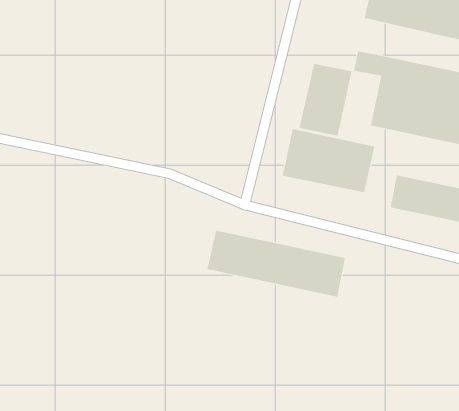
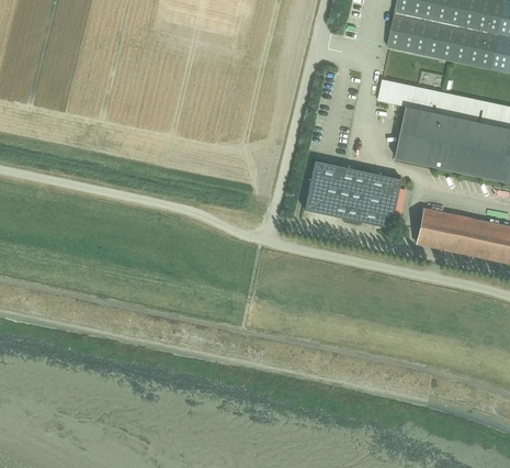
building: [299,63,352,137] -> none
building: [207,230,345,298] -> none

